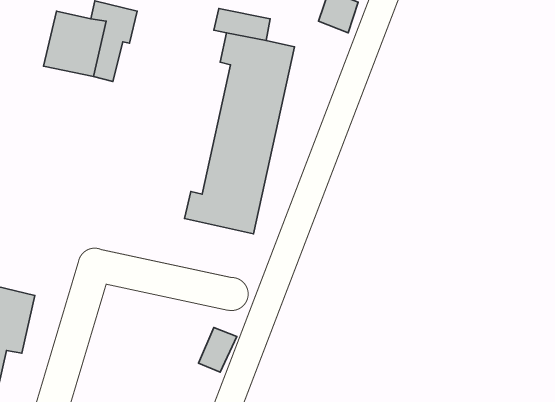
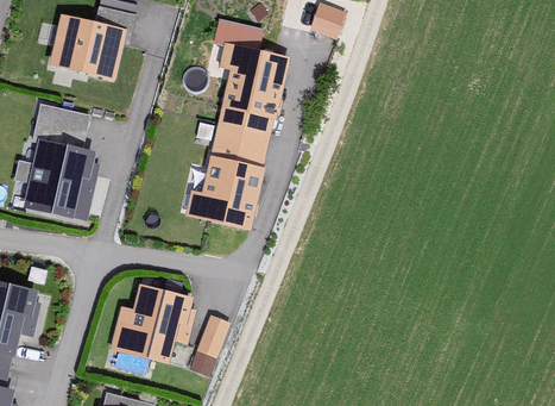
building: none -> [19,108,101,219]
building: none -> [111,280,193,361]

